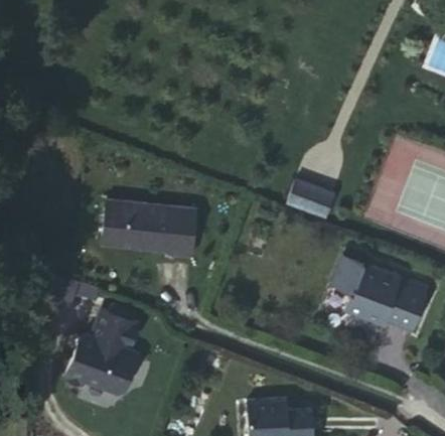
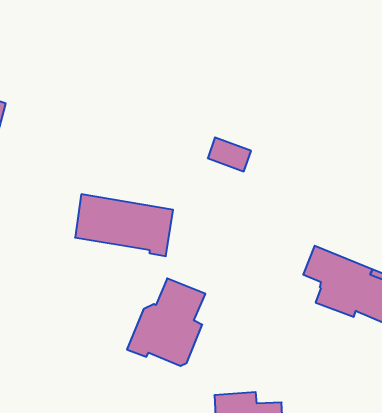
building: [289,181,331,214] -> [208,137,251,171]
building: [64,311,141,397] -> [127,278,205,366]

